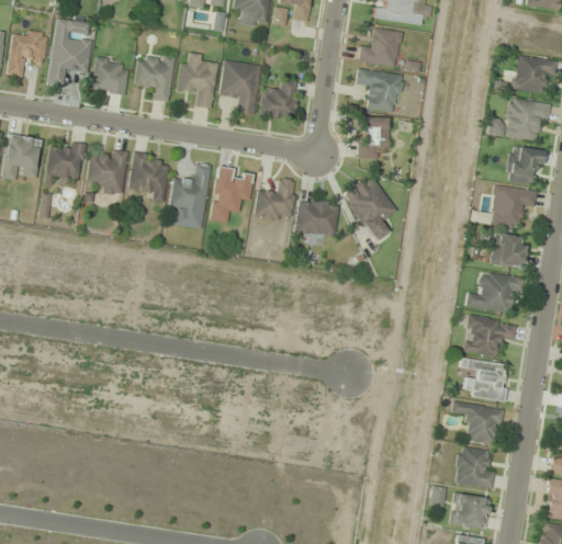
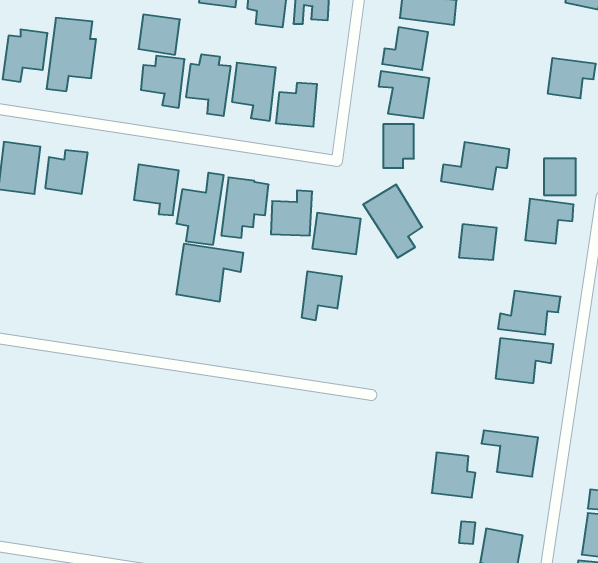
building: [91,58,130,95] -> [138,15,180,55]
building: [487,98,551,141] -> [441,142,509,189]
building: [88,150,127,195] -> none
building: none -> [176,244,243,302]
building: [491,234,526,267] -> [459,224,497,260]
building: none -> [302,271,342,320]
building: [464,361,508,398] -> none
building: [454,446,495,488] -> [432,453,475,498]

